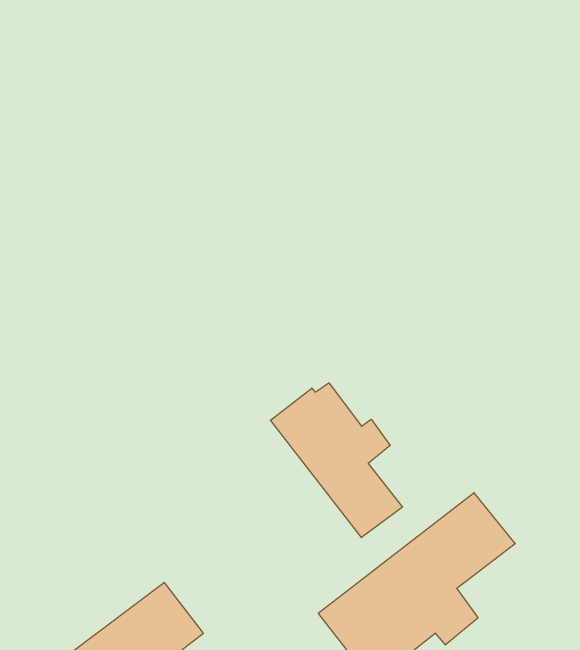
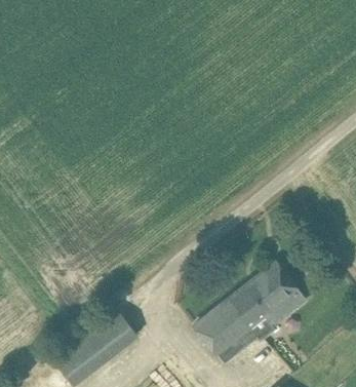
building: [270,383,402,538] -> none

